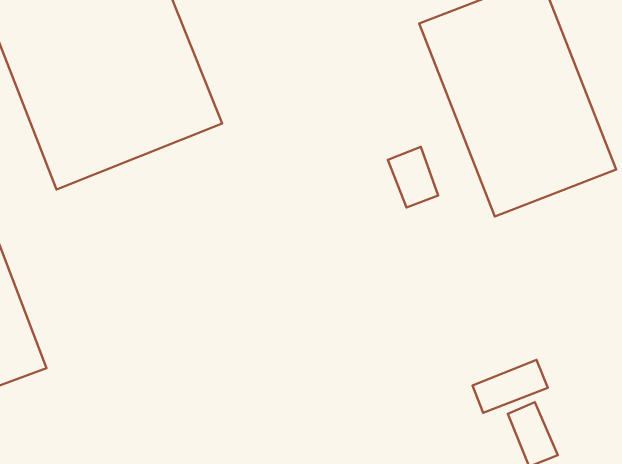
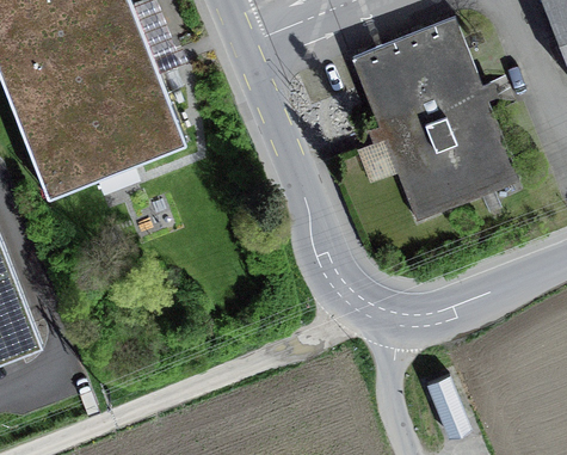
building: [388,147,438,207] -> none
building: [473,360,548,413] -> none

